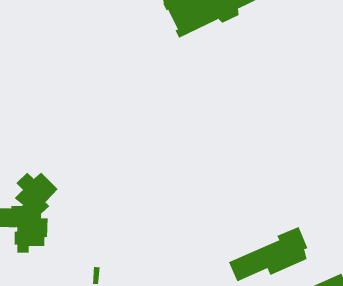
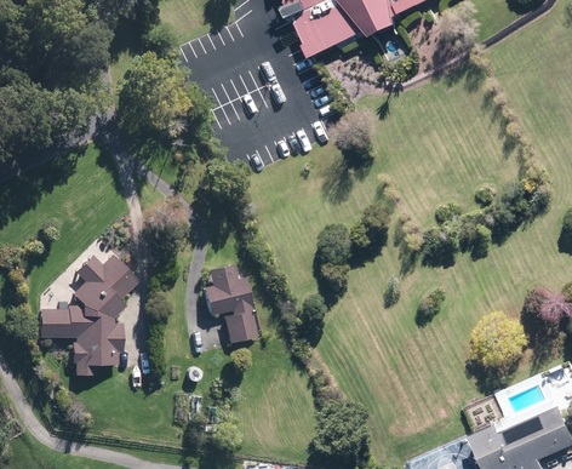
building: none -> [205,263,258,342]
building: [228,226,308,282] -> none

